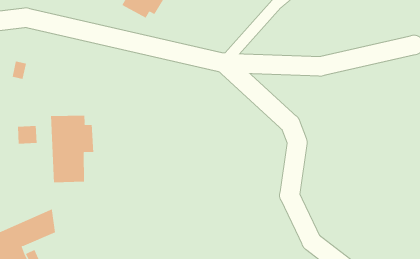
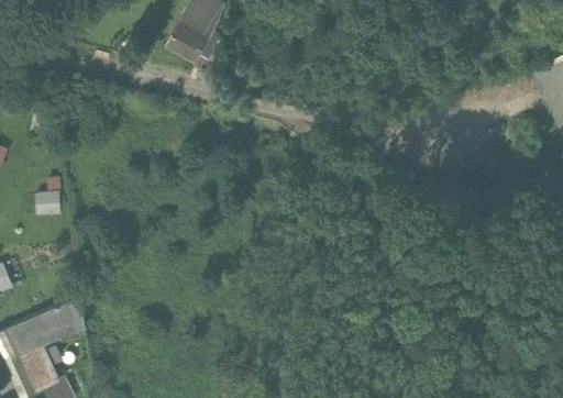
building: [51,115,94,183] -> none

